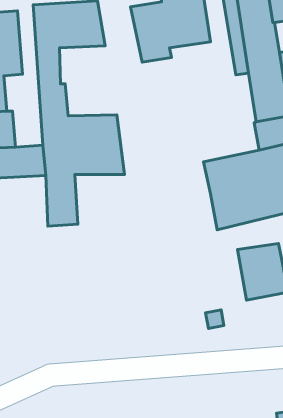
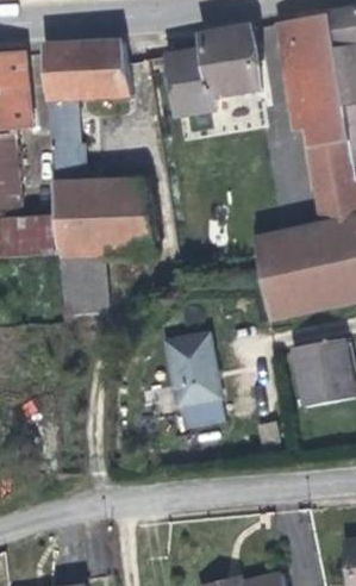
building: none -> [168,329,225,425]

